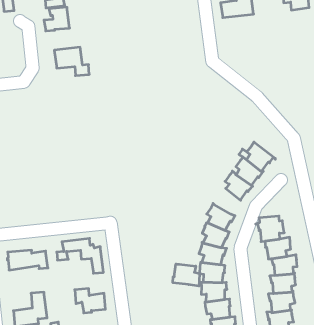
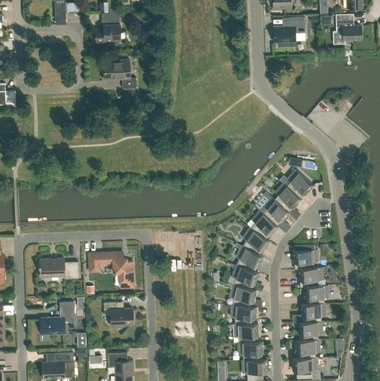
building: none -> [250,210,278,239]
building: [173,264,200,286] -> none

